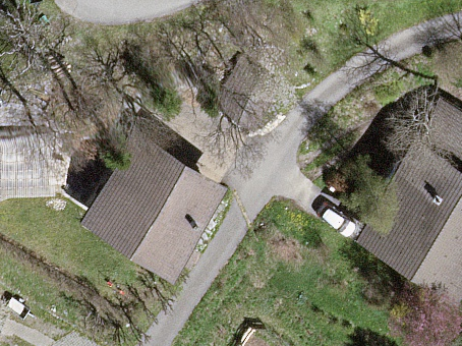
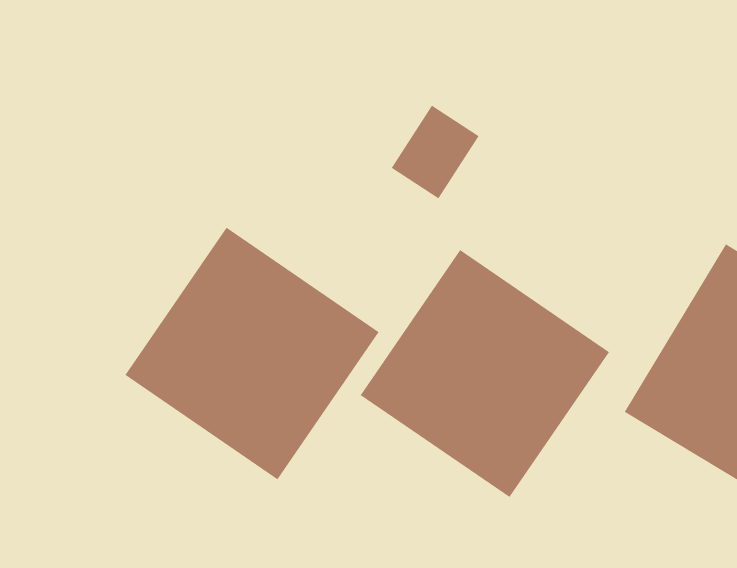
building: none -> [360,249,610,498]

